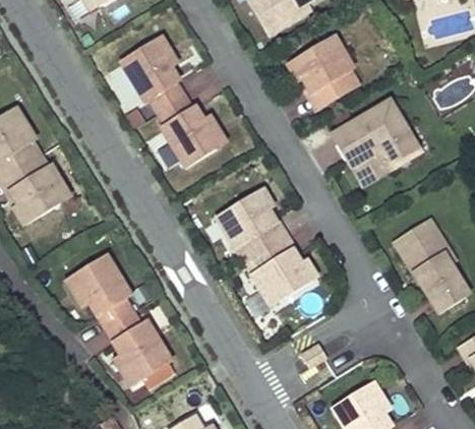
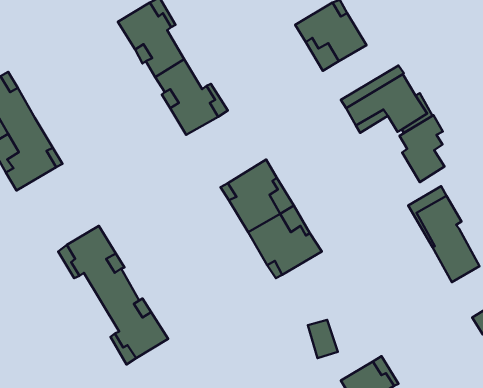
building: none -> [400,115,444,182]

